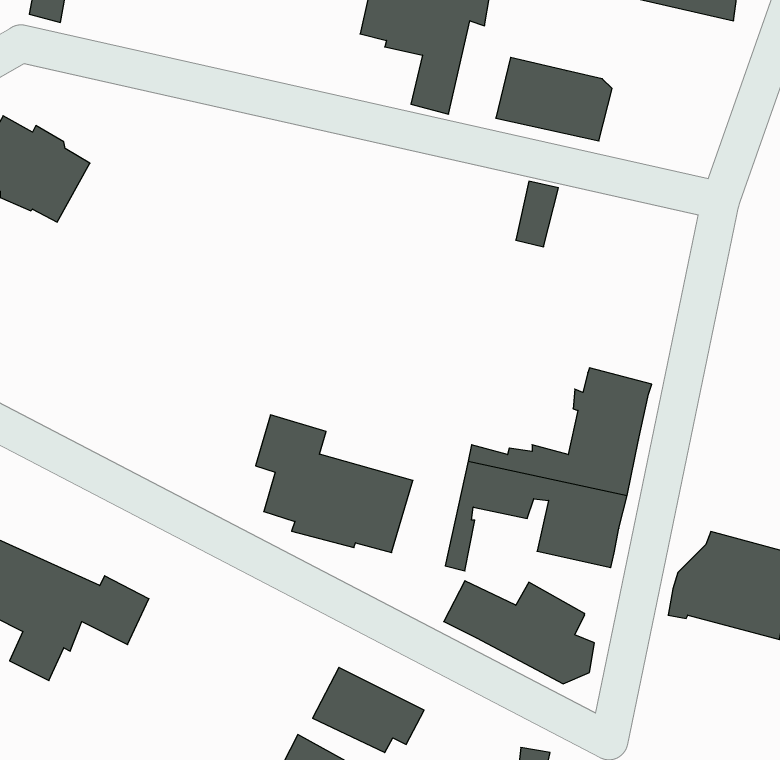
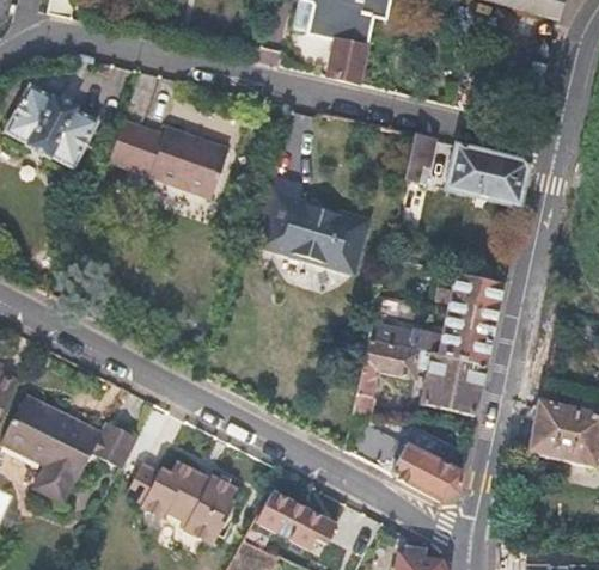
building: [496,57,612,141] -> [445,145,530,206]
building: none -> [105,121,225,198]
building: [256,415,413,553] -> [256,172,371,272]
building: none -> [127,453,237,540]

